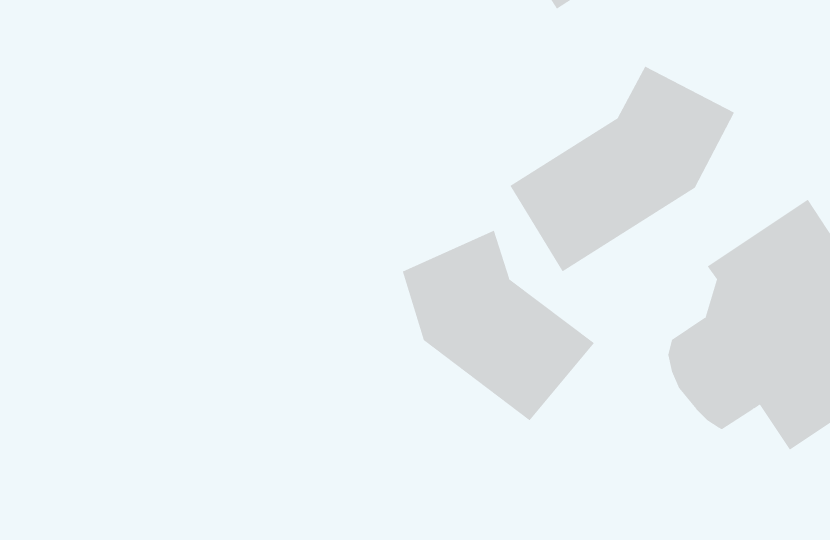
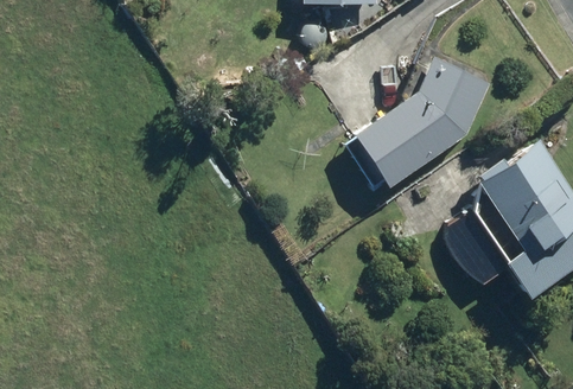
building: [402,230,595,421] -> none

